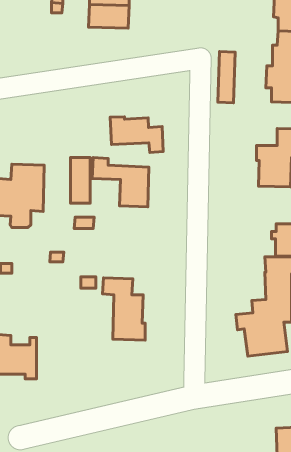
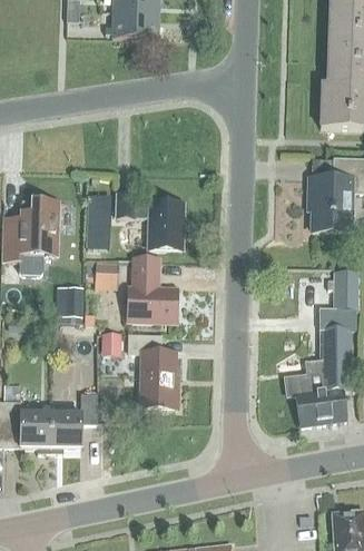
building: [218,52,235,103] -> none
building: [110,117,163,153] -> none
building: none -> [128,257,176,322]
building: none -> [50,393,97,452]

